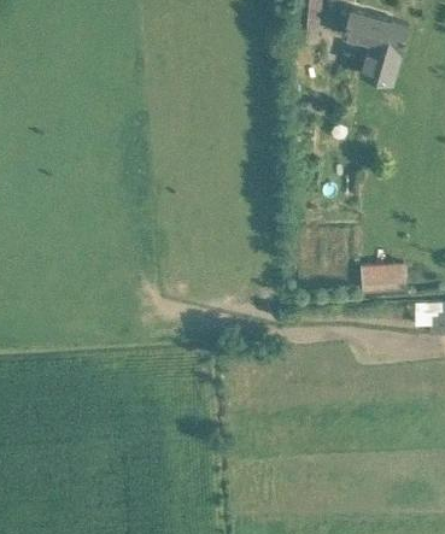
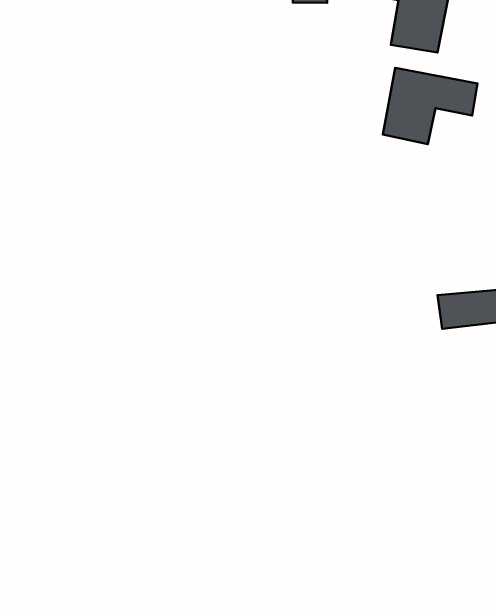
building: none -> [383,68,478,144]

